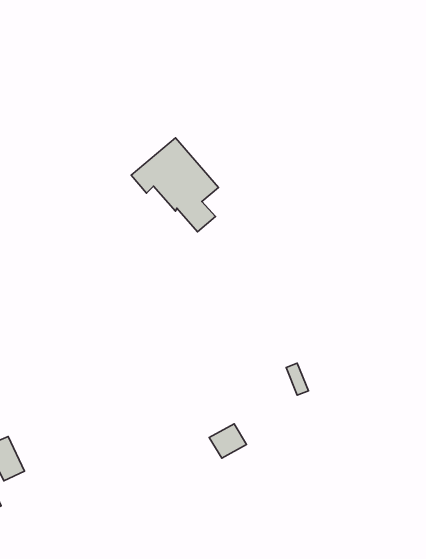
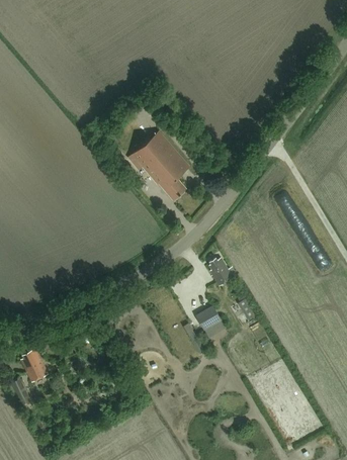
building: none -> [208,256,237,286]
building: [209,424,247,458] -> [194,304,222,330]

